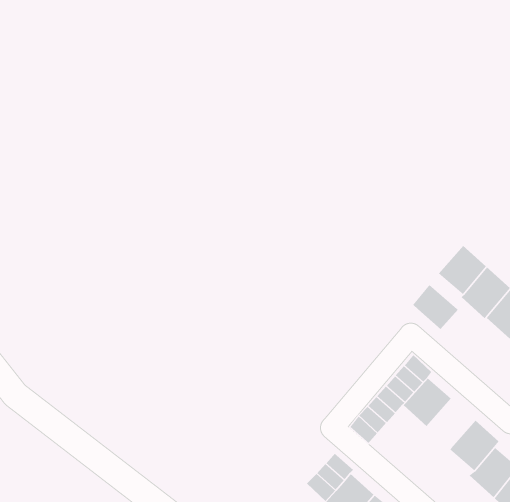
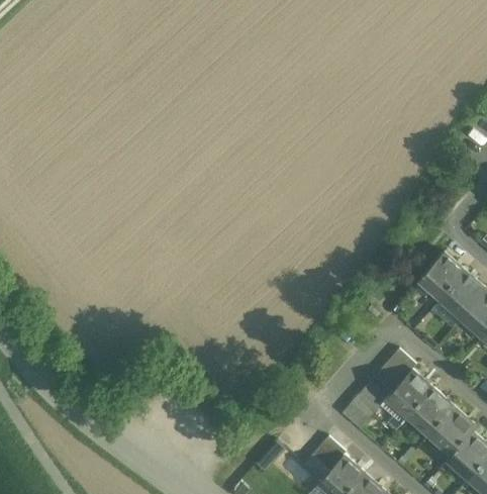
building: [412,284,459,330] -> none
building: none -> [411,393,455,437]

